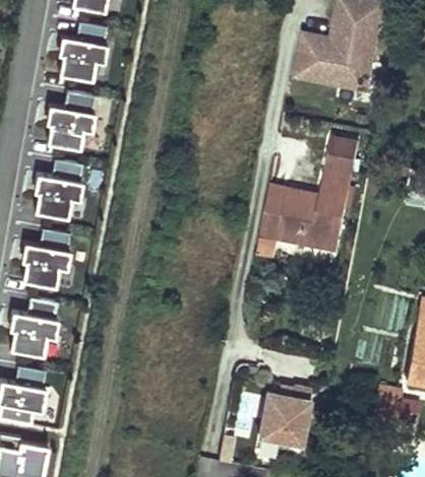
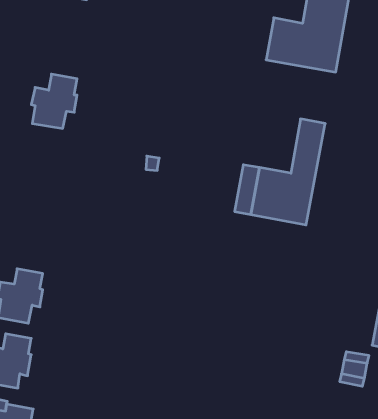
building: [57,24,107,82] -> none
building: [33,161,81,219] -> none
building: [20,230,69,288] -> none
building: [254,387,308,444] -> none

